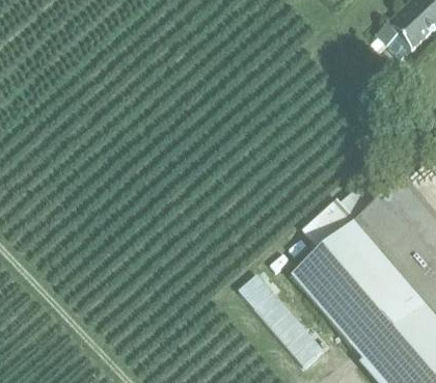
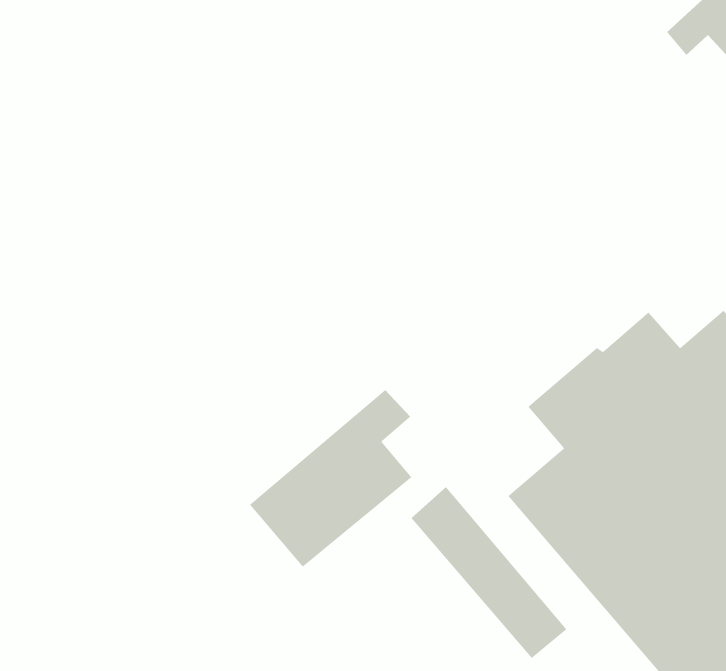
building: none -> [249,389,412,567]

